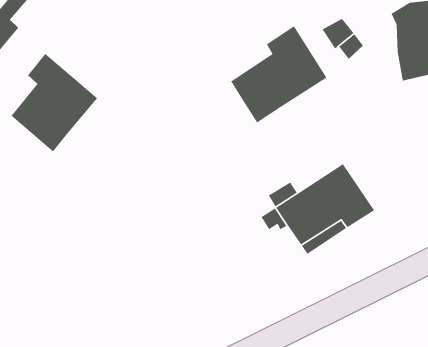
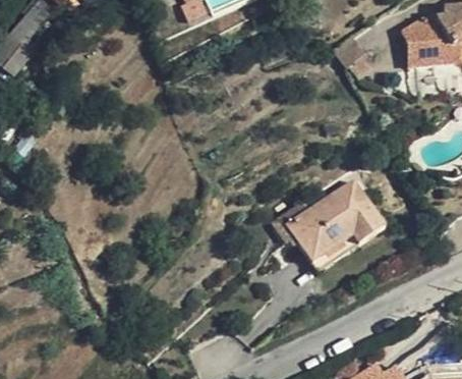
building: [230,25,327,124] -> none
building: [10,53,98,152] -> none

